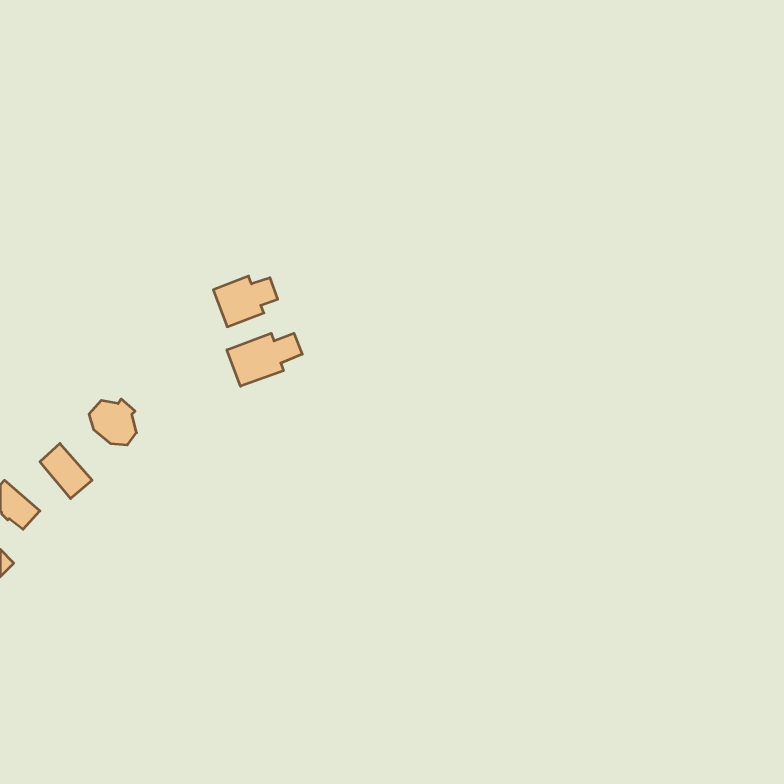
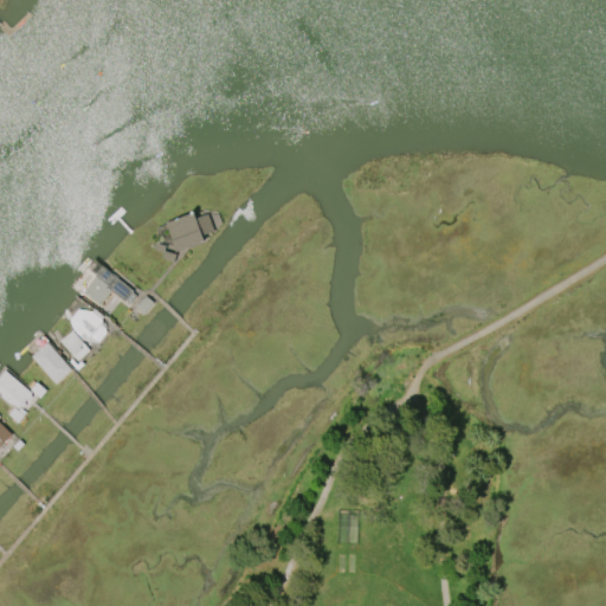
building: [227,333,302,386] -> none
building: none -> [83,266,131,305]

